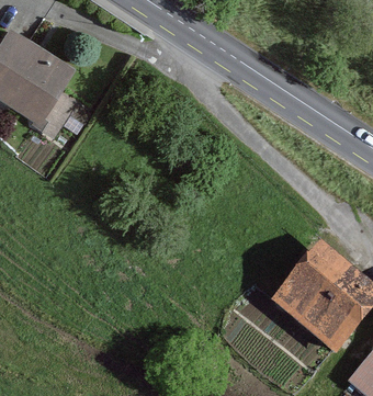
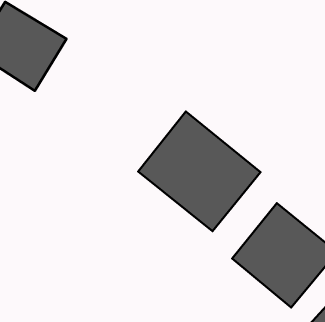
building: none -> [138,111,260,231]

